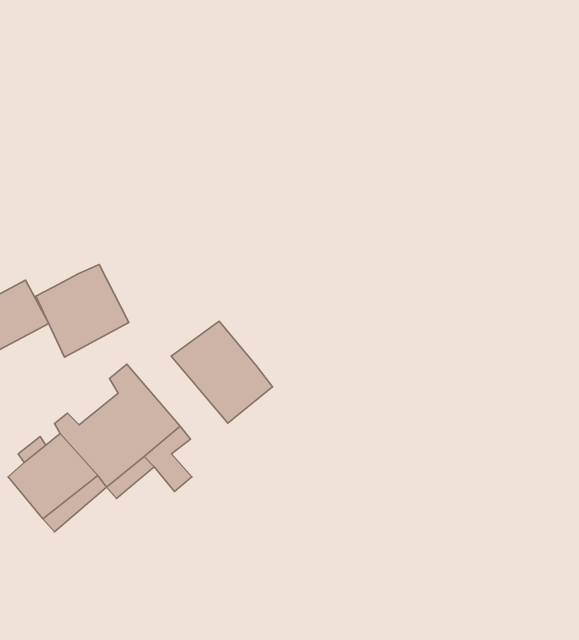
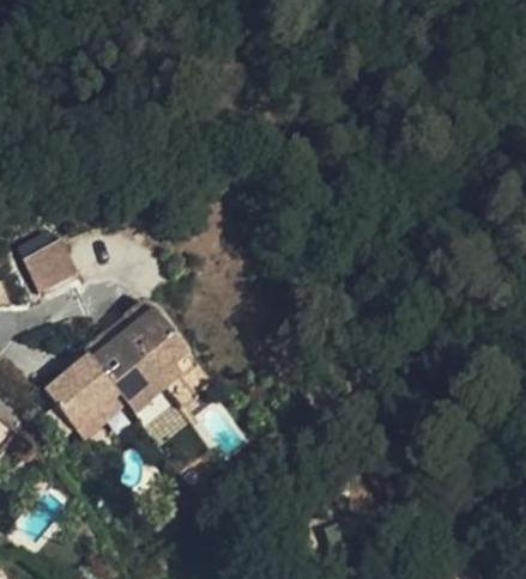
building: [36,265,129,357] -> none
building: [171,321,272,423] -> none

